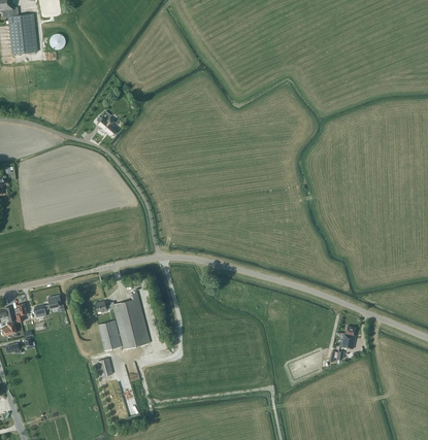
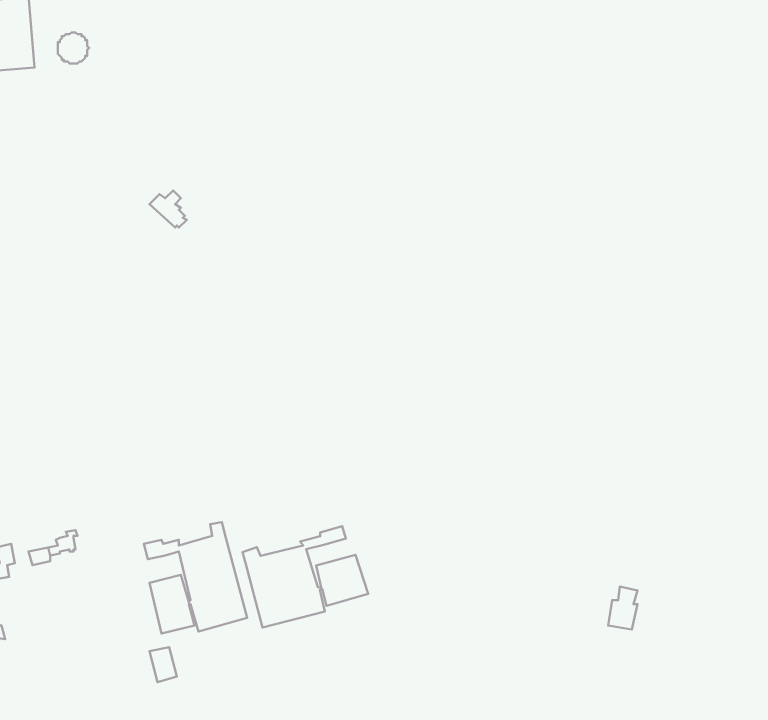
building: none -> [242,526,368,628]

